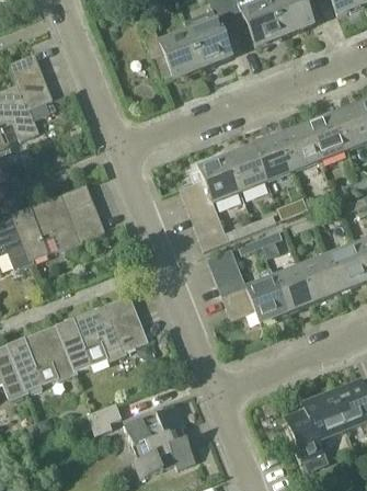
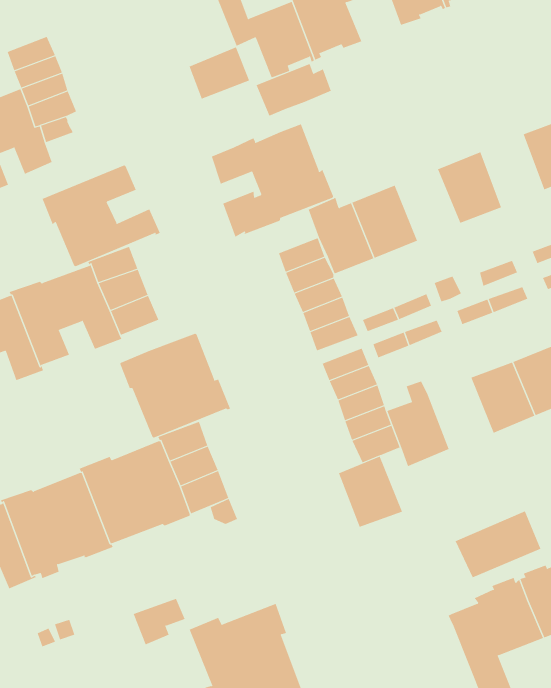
building: none -> [189,47,250,99]
building: none -> [256,63,331,116]
building: none -> [211,123,334,237]
building: [306,114,345,160] -> none
building: [250,133,293,181] -> none
building: none -> [42,165,160,267]
building: none -> [119,333,231,439]
building: [273,266,313,311] -> [338,456,403,528]
building: none -> [455,511,541,578]

